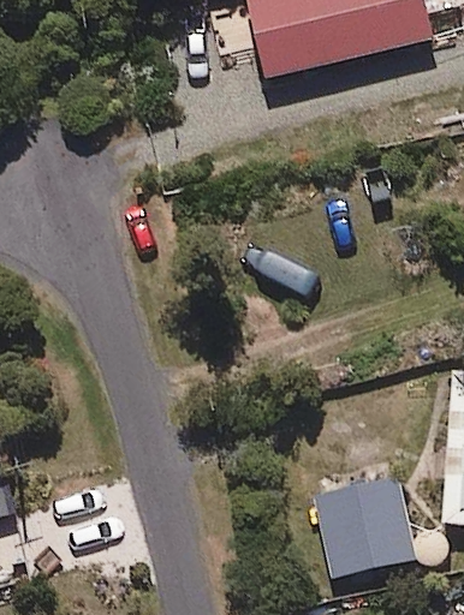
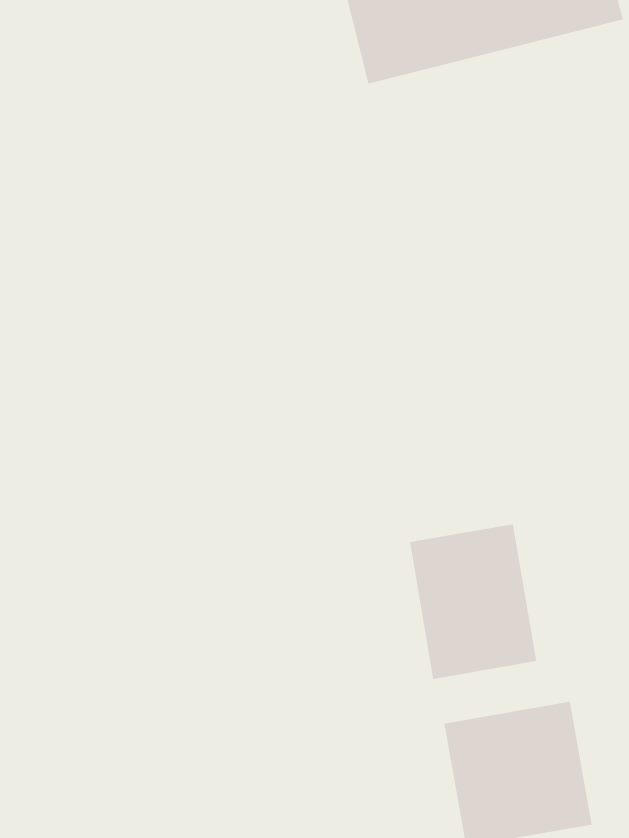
building: none -> [409,524,537,680]

